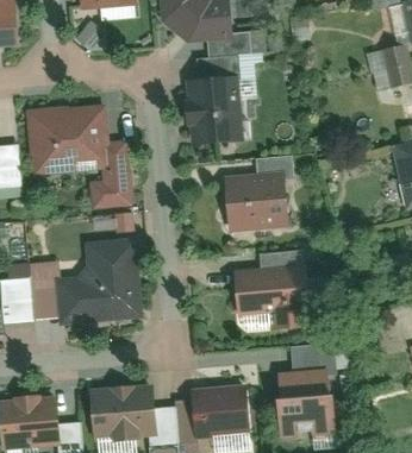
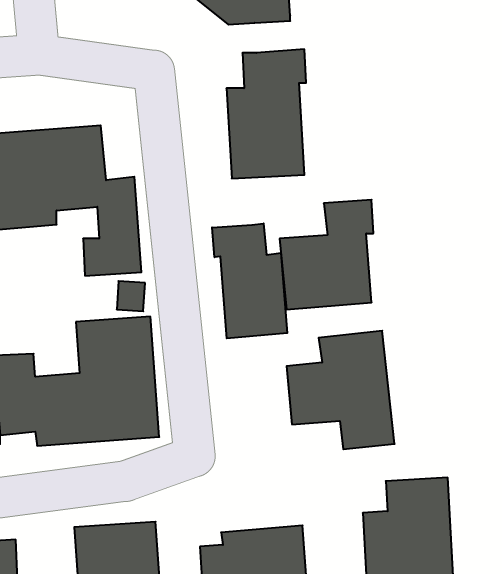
building: [207,32,250,58] -> none
building: none -> [212,223,287,338]

